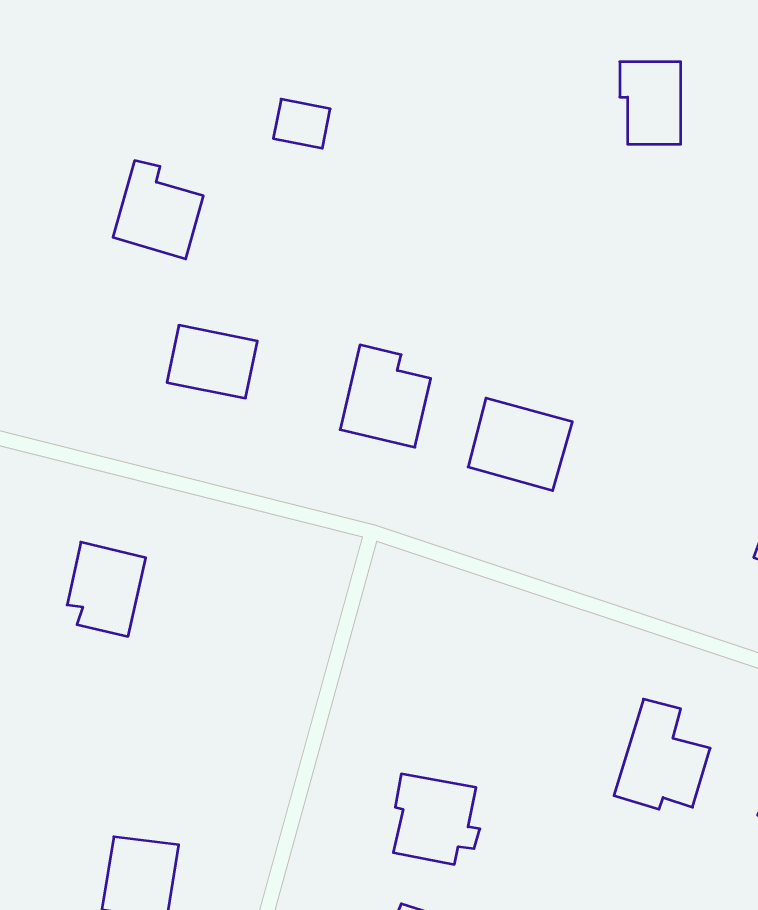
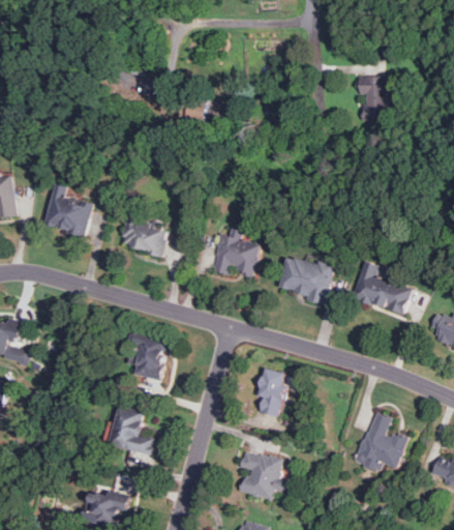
building: [113,161,203,259] -> [44,184,92,236]
building: none -> [353,265,413,314]
building: [67,542,146,636] -> [127,331,169,381]
building: none -> [254,367,289,416]
building: none -> [110,406,153,455]

